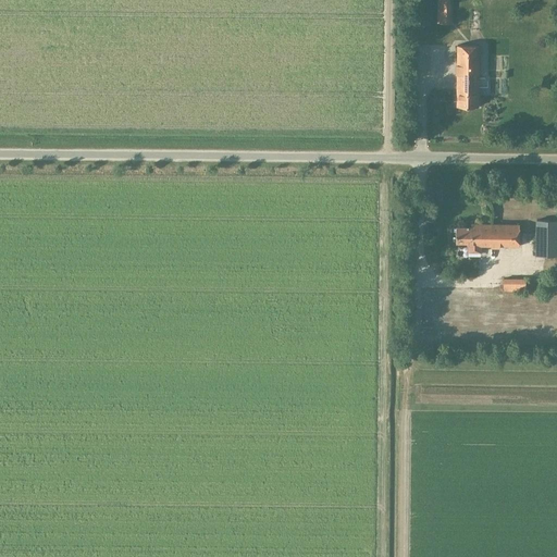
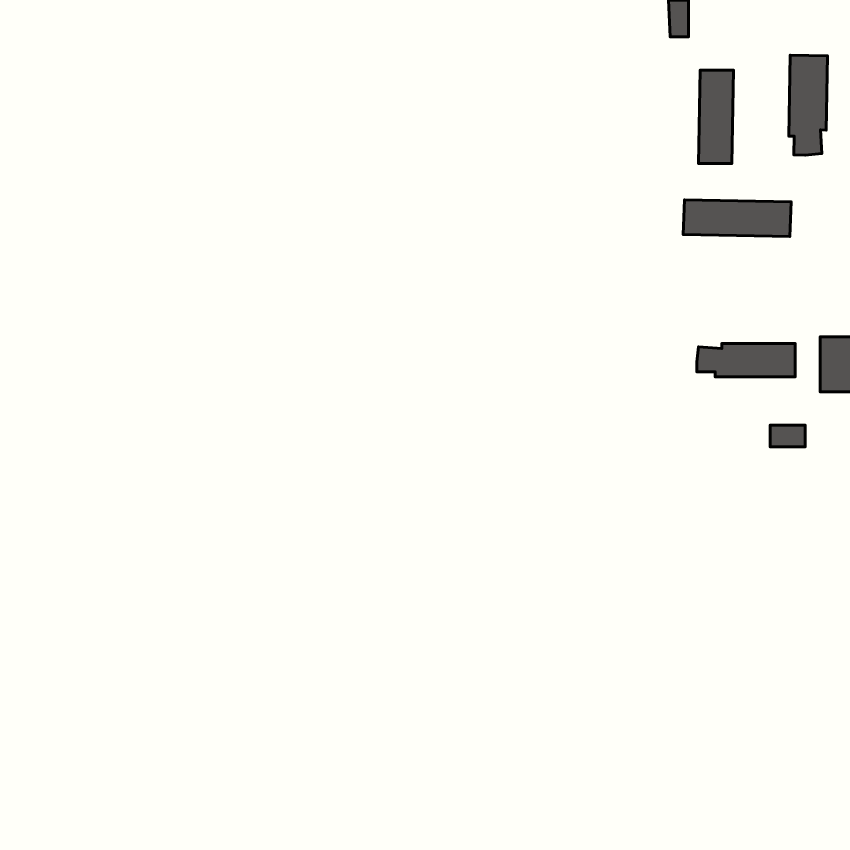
building: none -> [789,55,827,155]
building: none -> [683,200,791,236]

